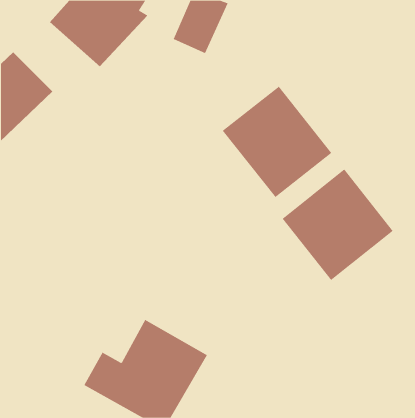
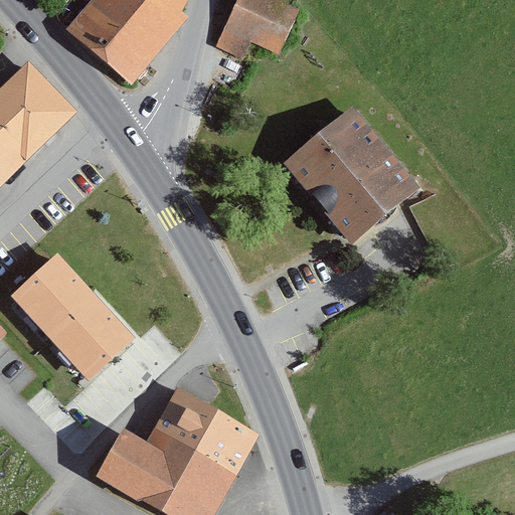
building: [282,169,394,281] -> none
building: none -> [17,247,138,373]

